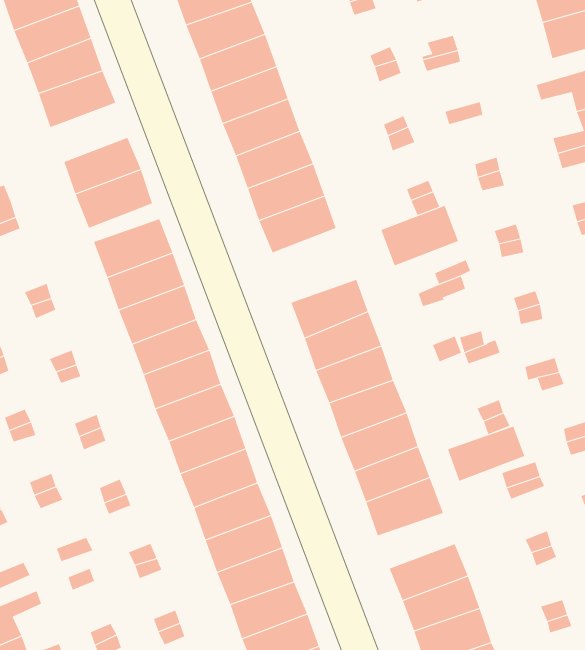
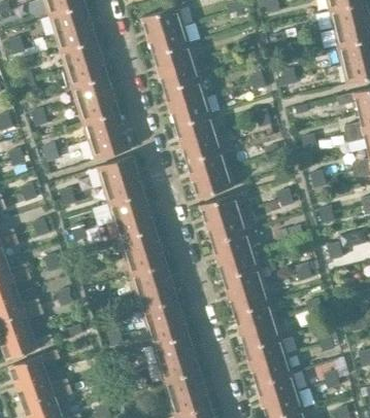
building: none -> [77,94,119,124]
building: [381,205,459,266] -> [192,167,233,198]
building: [447,426,525,481] -> [239,321,280,349]

